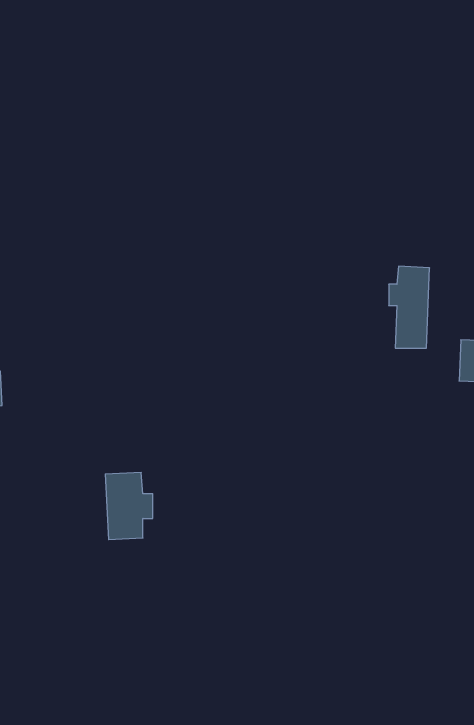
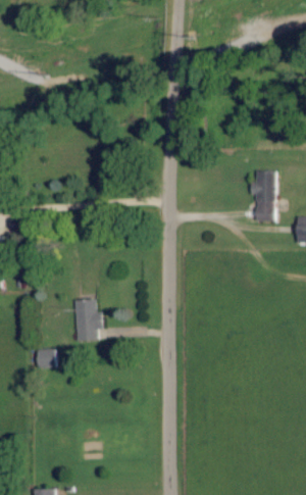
building: none -> [34,349,56,368]

